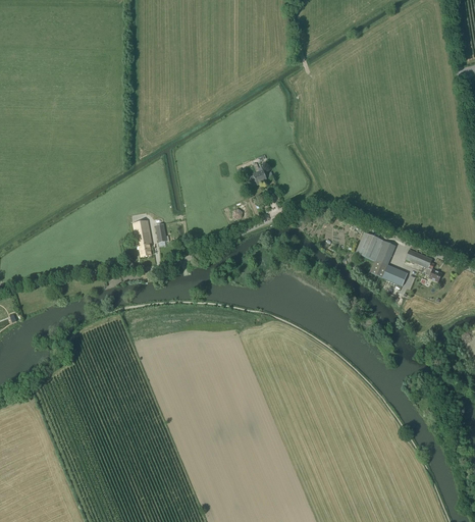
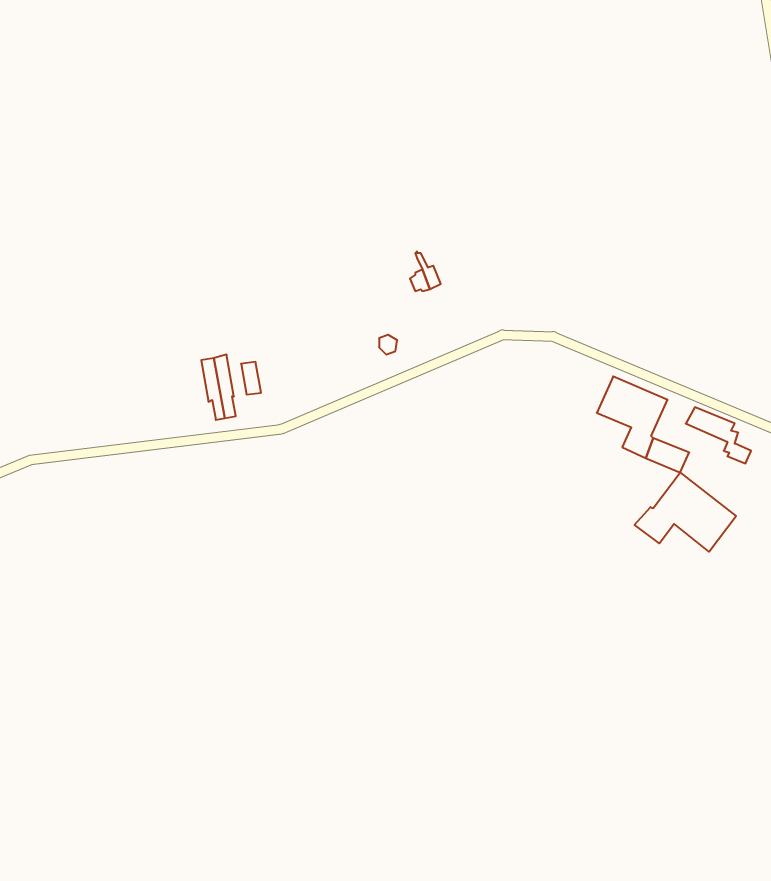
building: none -> [635,473,736,552]

